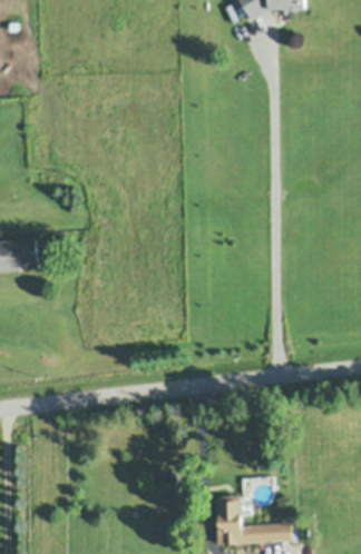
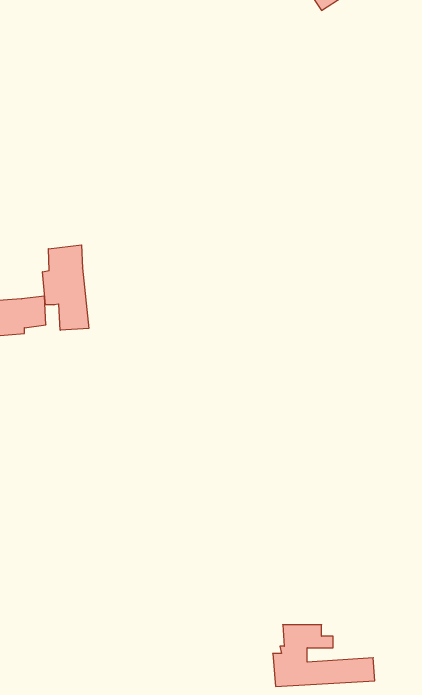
building: none -> [43,245,89,330]

